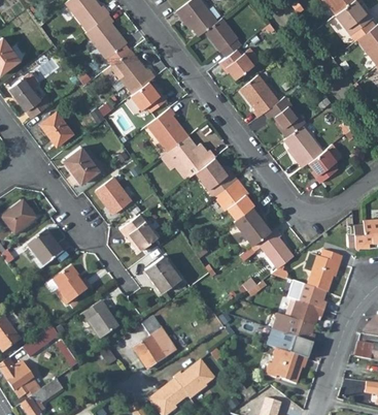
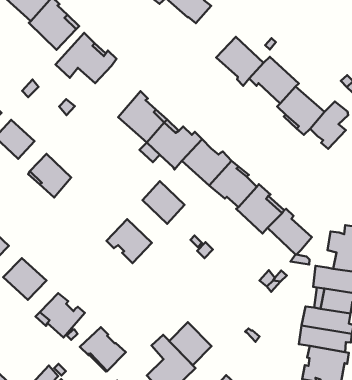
building: [218,47,259,79] -> none
building: [131,81,167,111] -> none
building: [96,177,131,214] -> [142,181,185,224]
building: [145,255,180,292] -> [169,322,212,365]

